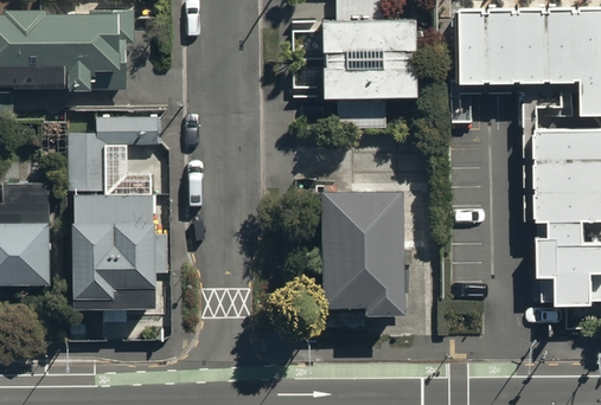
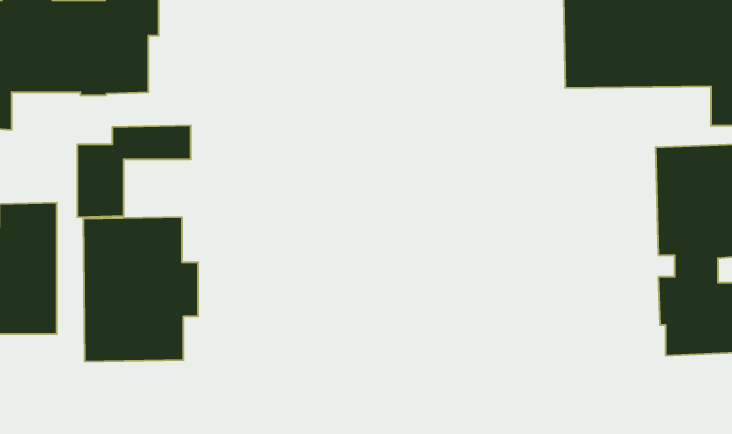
building: [320,20,413,98] -> none
building: [318,189,408,314] -> none

